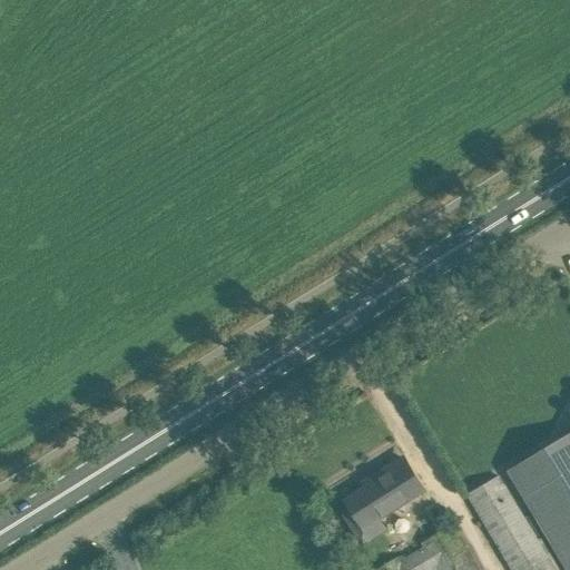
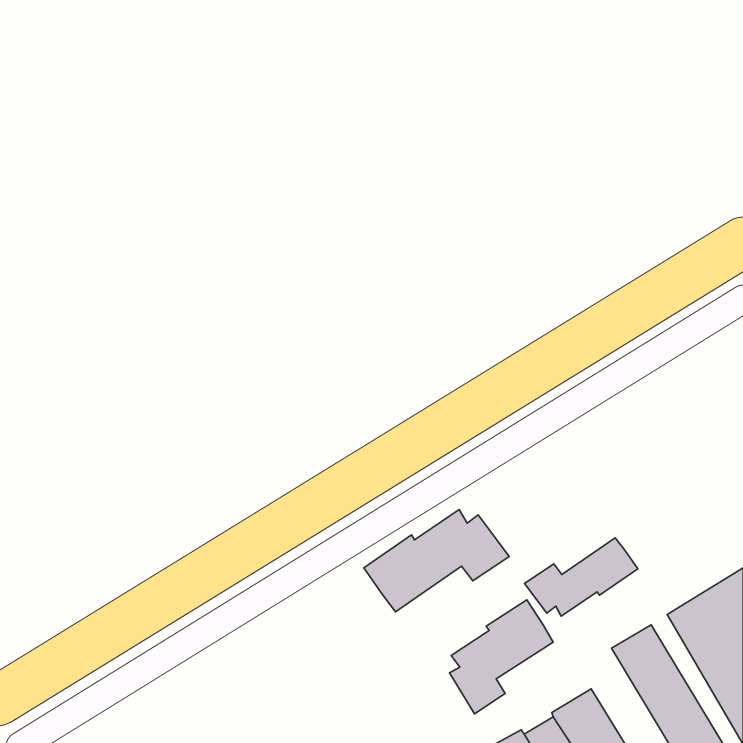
building: none -> [364,509,509,612]
building: none -> [525,538,638,616]

